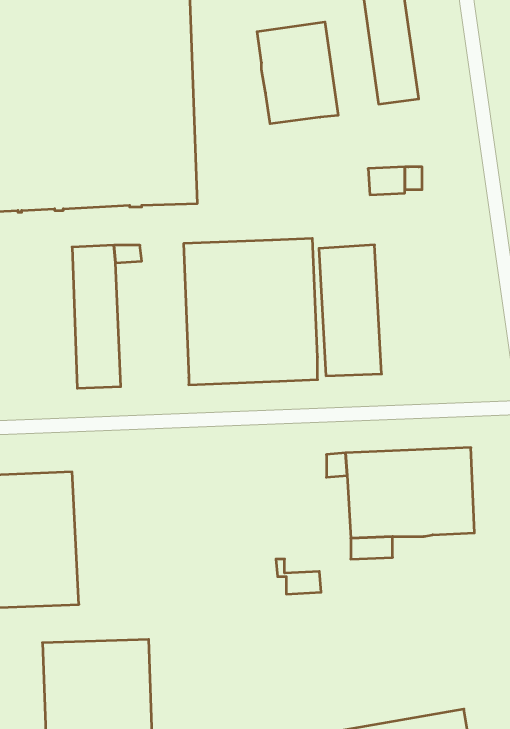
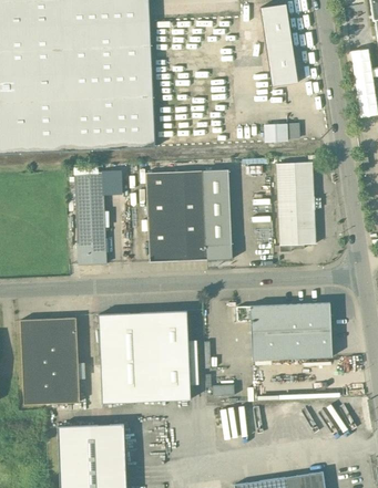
building: [257,22,338,124] -> none
building: [319,245,382,376] -> [276,162,316,245]
building: none -> [99,311,191,403]

